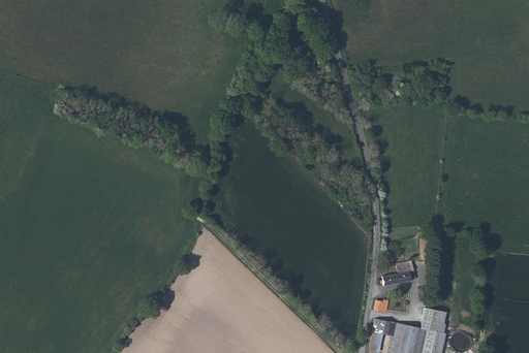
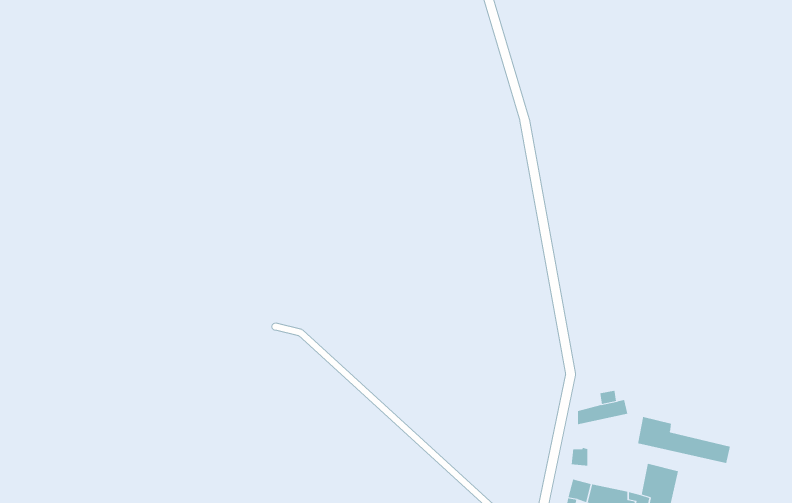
building: none -> [637,416,731,464]

